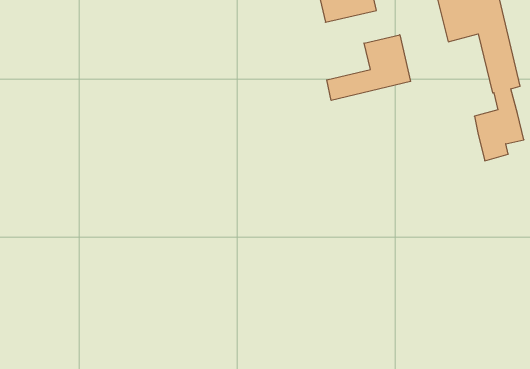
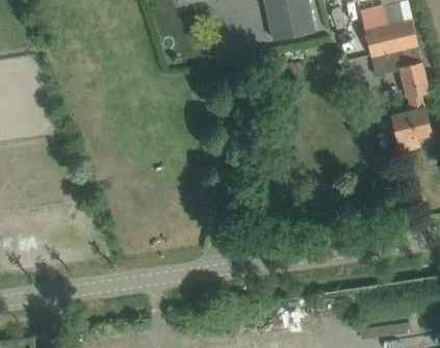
building: [327,35,411,100] -> none

